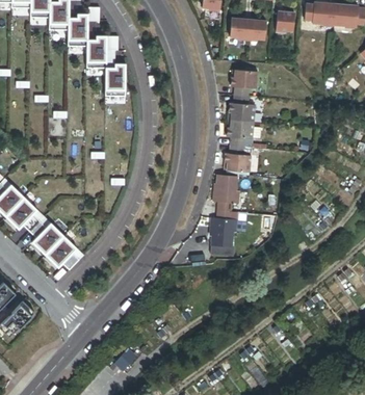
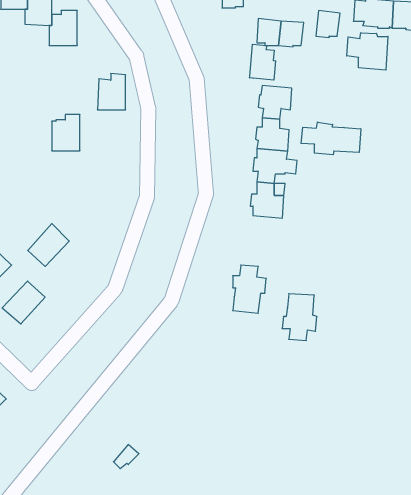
building: none -> [347,33,388,70]
building: [86,34,108,62] -> [52,115,80,151]
building: none -> [250,44,275,80]
building: none -> [301,122,361,155]
building: [211,175,238,211] -> [282,294,317,341]
building: [46,235,78,268] -> [28,224,69,266]

